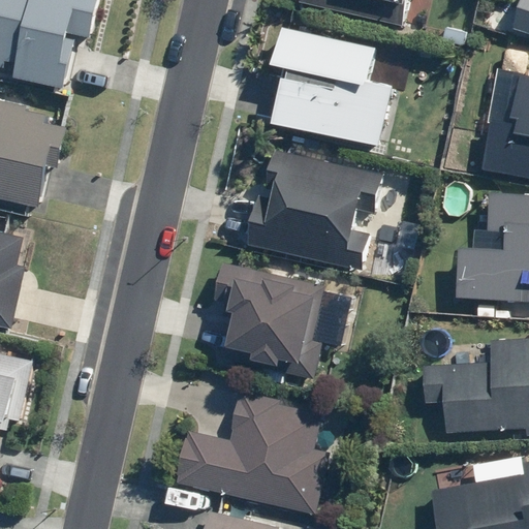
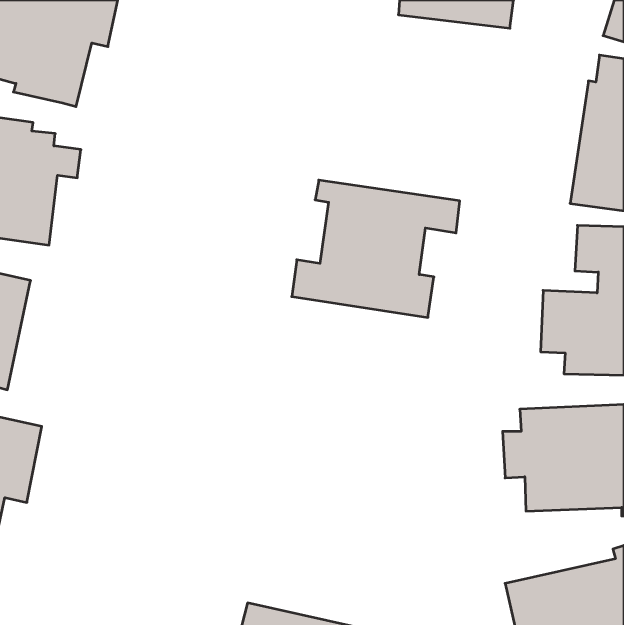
building: [273,25,398,146] -> none
building: [216,256,325,375] -> none
building: [174,388,328,511] -> none

